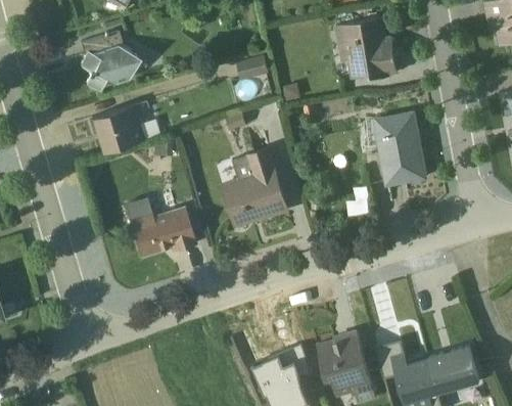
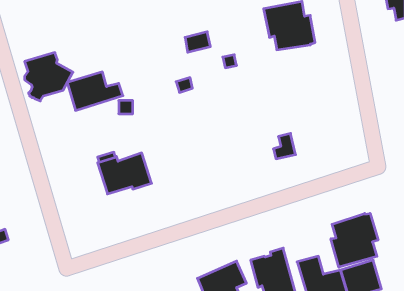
building: [80,34,140,94] -> [25,53,73,101]
building: [366,109,427,181] -> none
building: [222,148,288,227] -> none
building: none -> [331,213,378,267]

